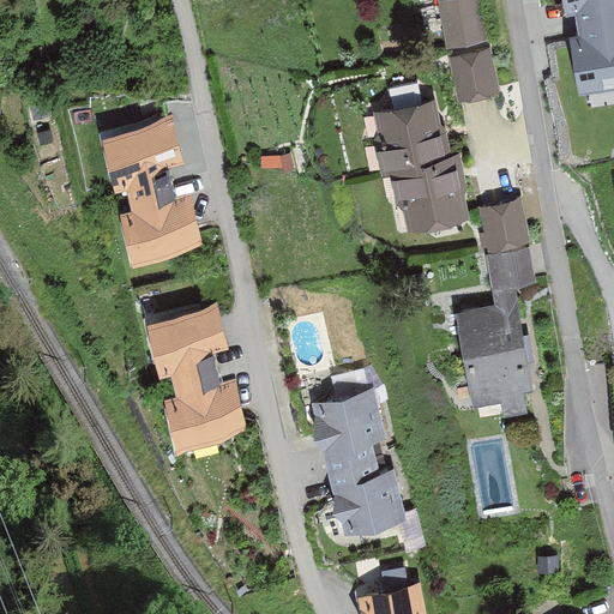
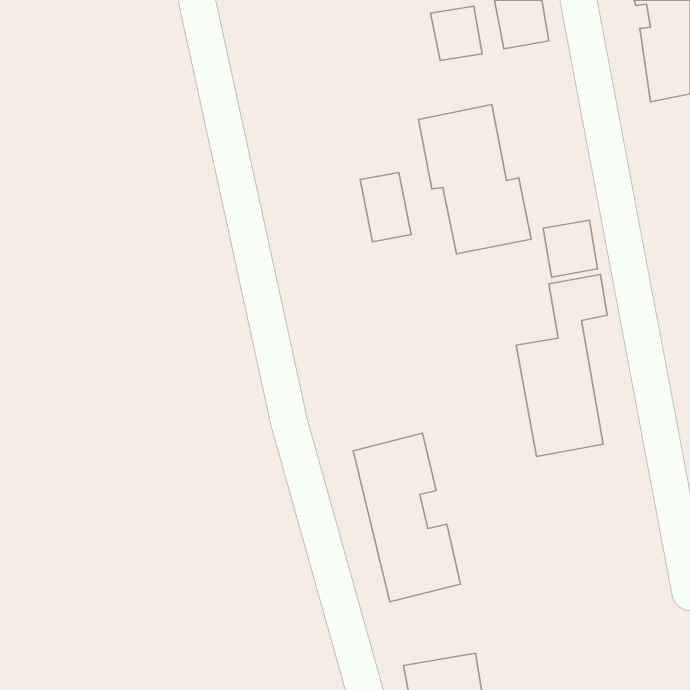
building: [452,50,498,98] -> [430,6,482,61]
building: [102,121,201,263] -> none
building: none -> [360,172,411,242]
building: [146,309,246,450] -> none

